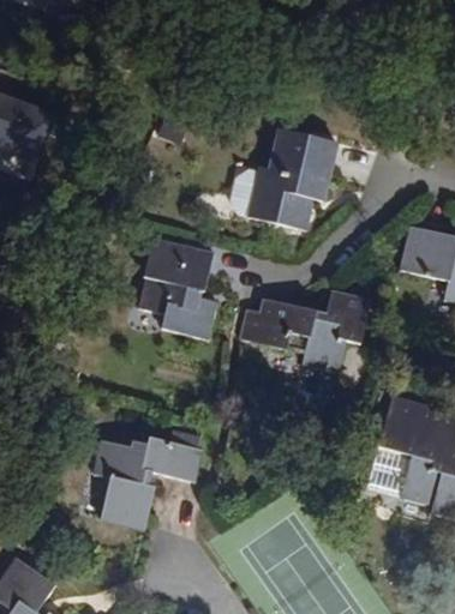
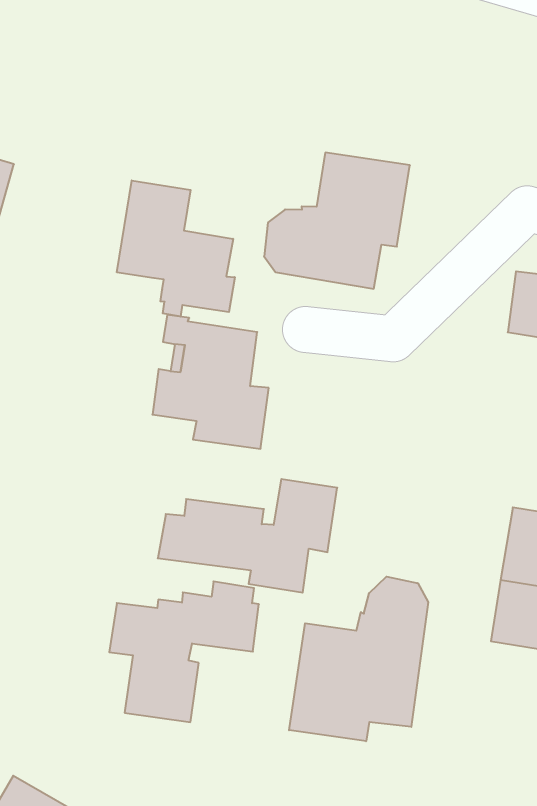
building: none -> [117,180,235,317]
building: [237,290,370,373] -> [158,479,337,593]
building: none -> [289,577,428,741]

